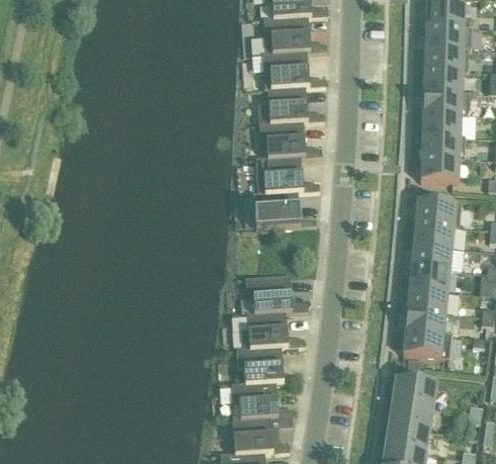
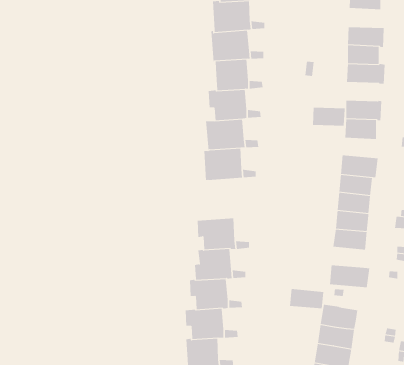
building: [425,26,472,51] -> none
building: [422,114,462,136] -> [312,107,345,126]
building: [405,309,446,334] -> [289,288,324,309]

